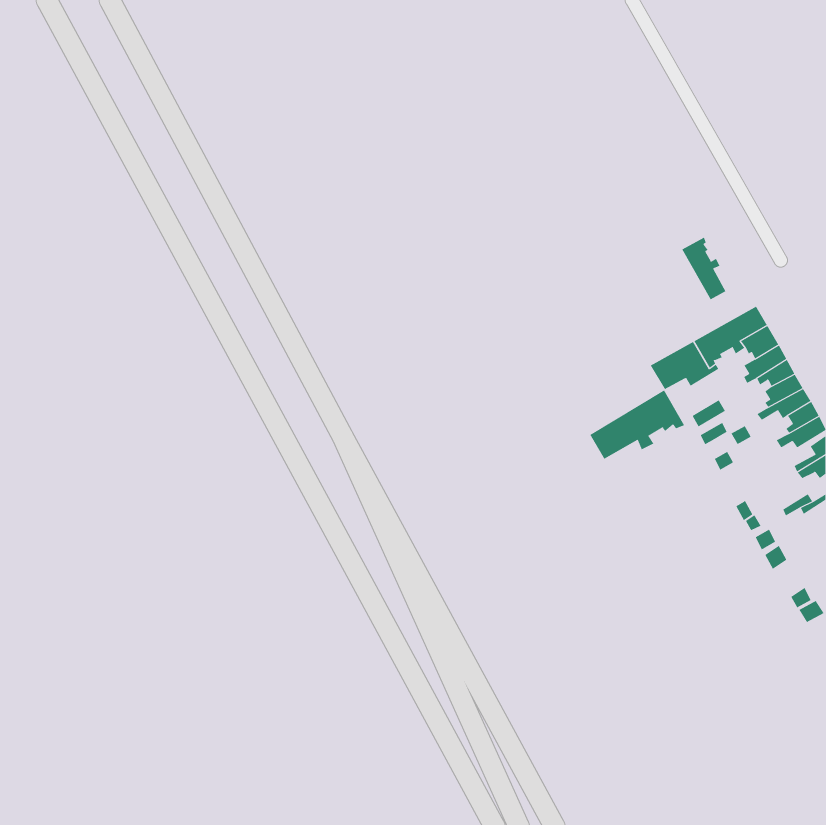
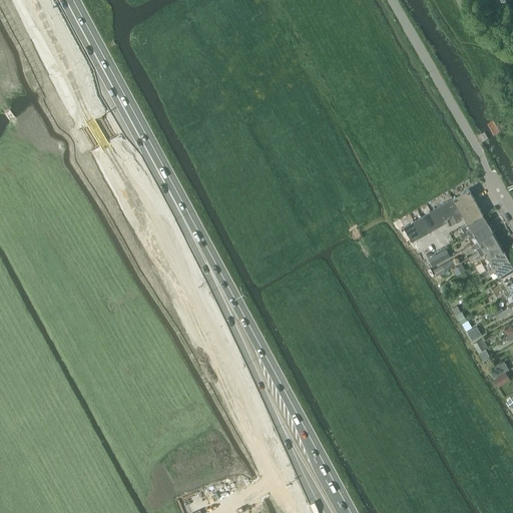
building: [682,237,726,300] -> none
building: [589,390,685,460] -> none

